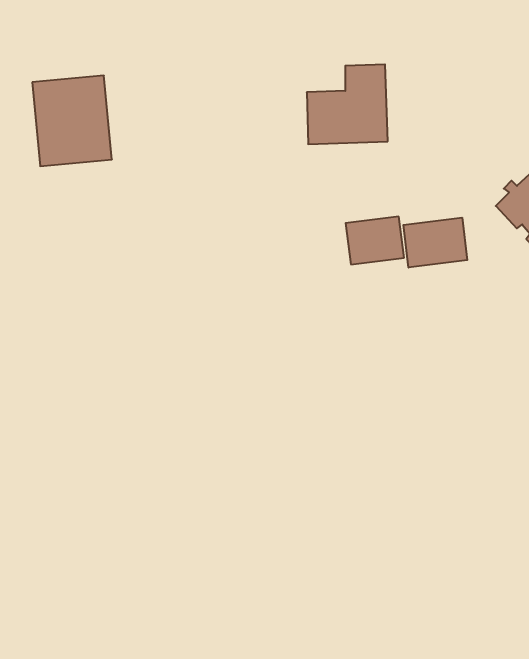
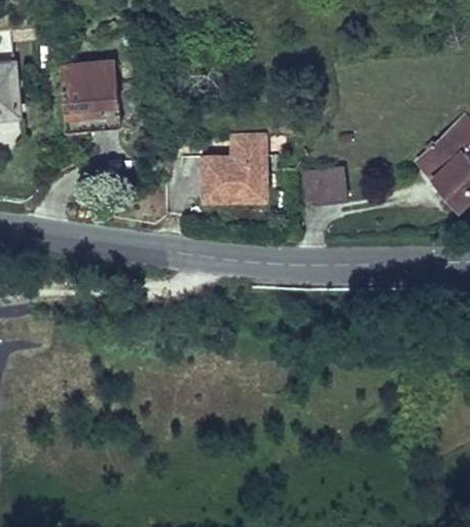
building: [307,64,388,144] -> [202,136,264,198]
building: [403,218,467,268] -> none

